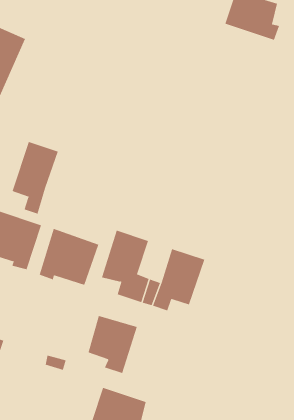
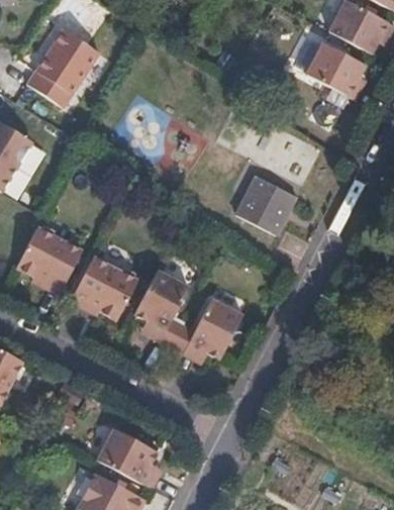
building: none -> [235,177,296,236]
building: [12,141,59,215] -> none
building: [88,315,137,374] -> none

